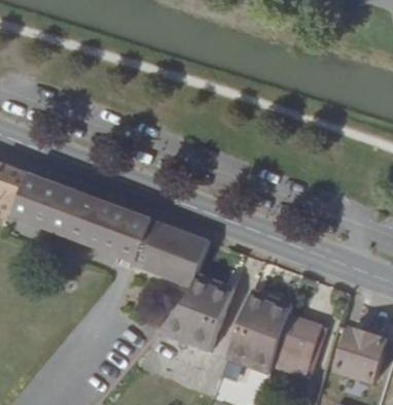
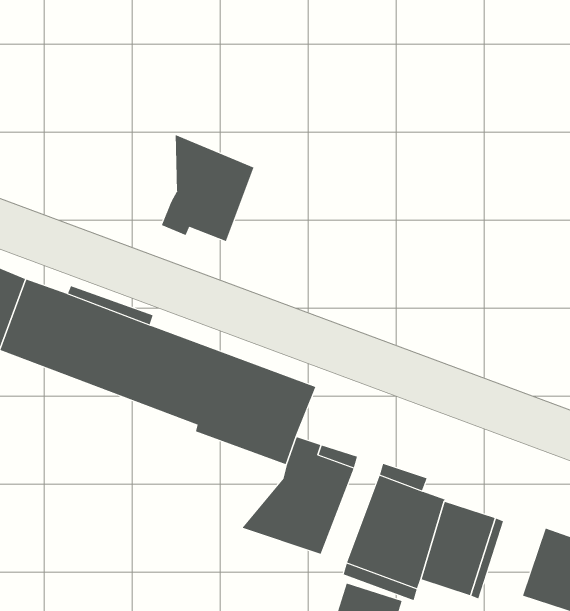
building: none -> [161,134,254,242]

